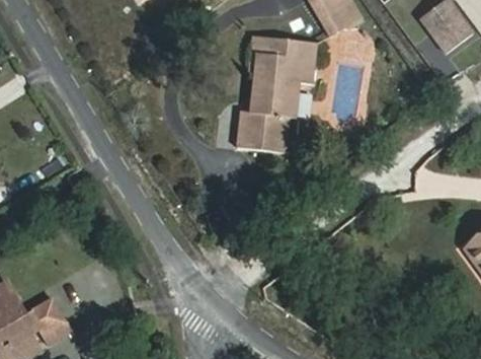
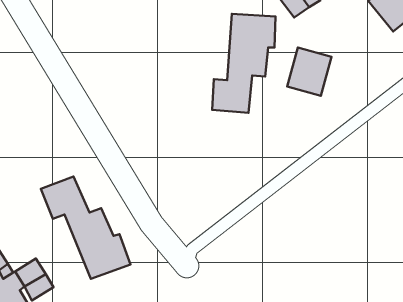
building: none -> [287,48,331,96]
building: none -> [41,177,131,279]

